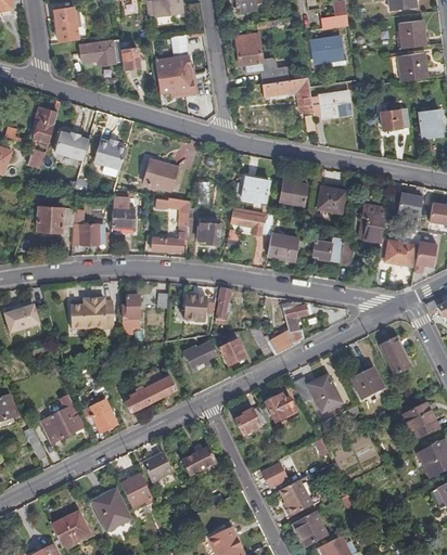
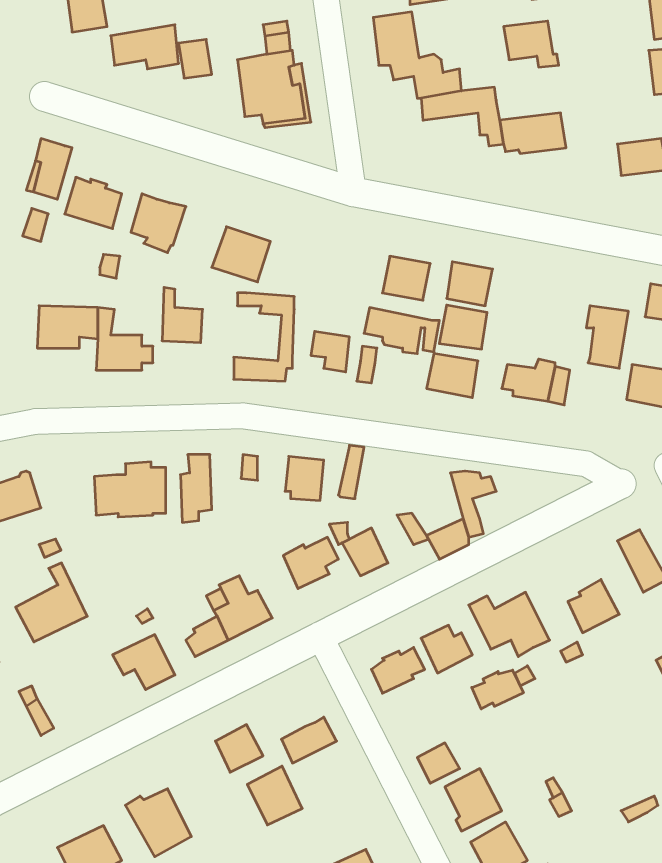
building: [317,186,345,212] -> [439,305,487,349]
building: [41,397,84,443] -> [16,563,87,642]
building: none -> [472,670,523,709]
building: [119,474,152,508] -> [247,766,302,825]

